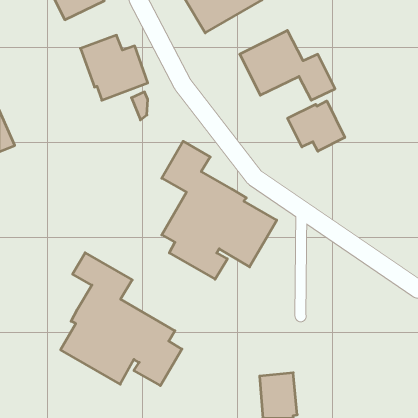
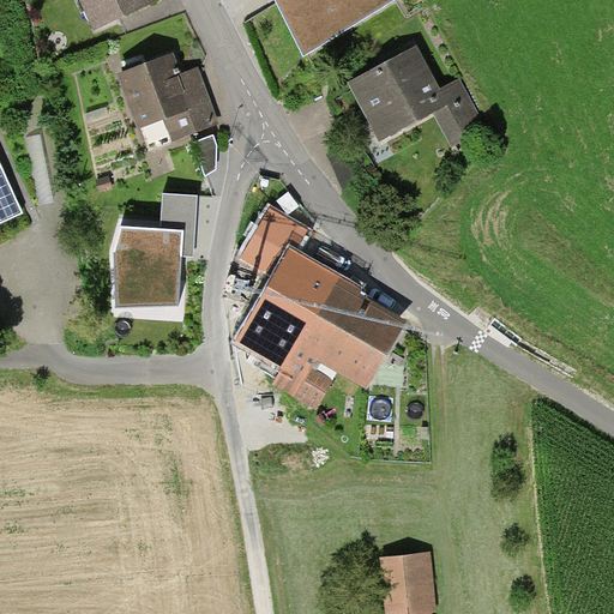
building: [288,101,345,151] -> none
building: none -> [112,193,195,309]
building: [61,253,182,386] -> none

